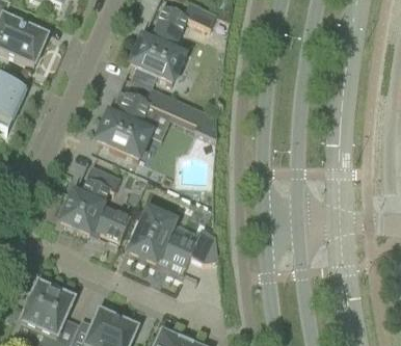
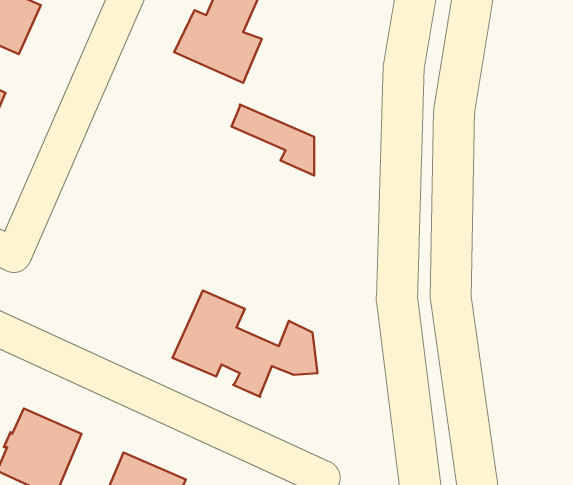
building: [96,88,159,158] -> none
building: [59,164,130,242] -> none

